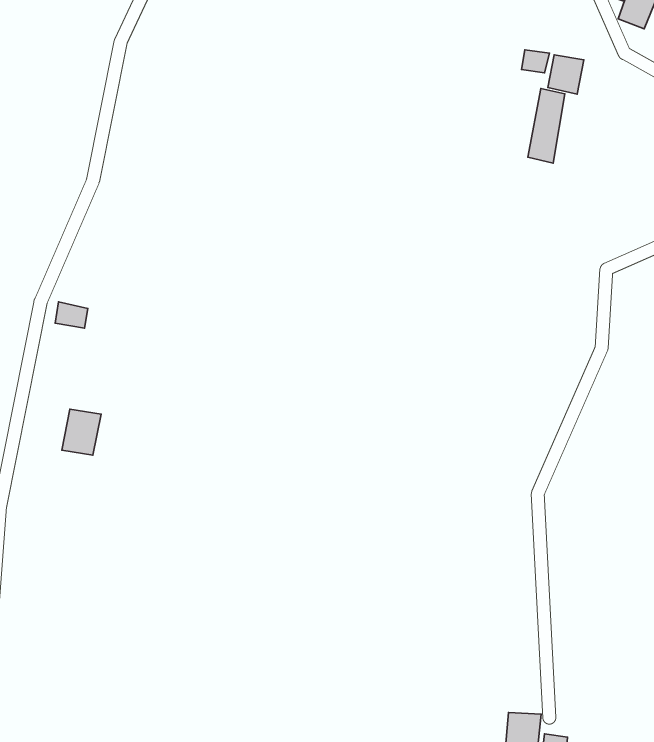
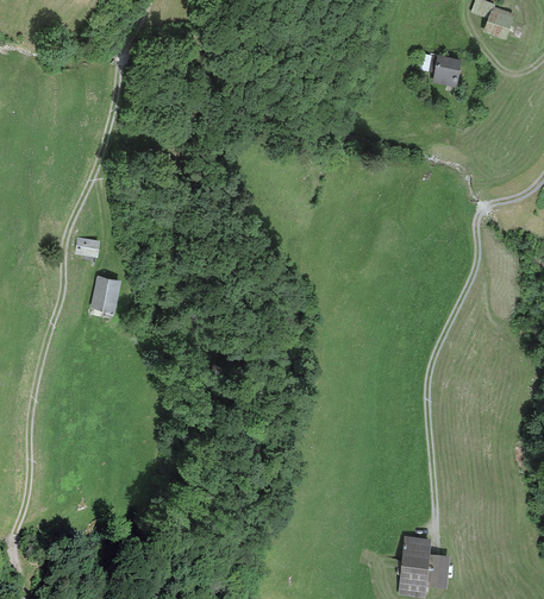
building: [528,88,565,163] -> none
building: [62,409,101,455] -> [90,279,119,313]

